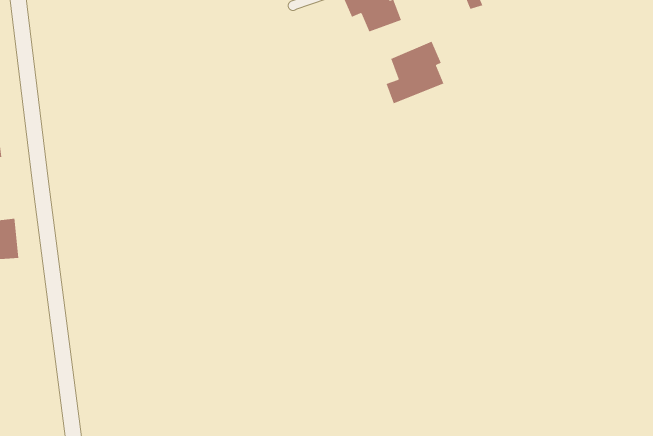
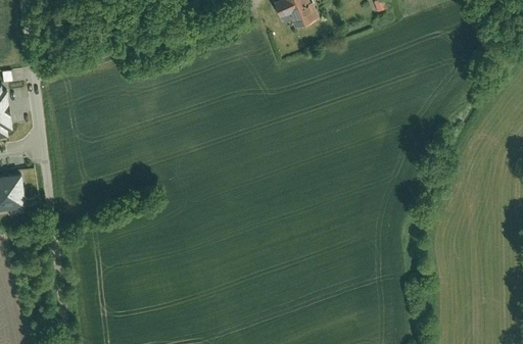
building: [386,41,444,104] -> none

